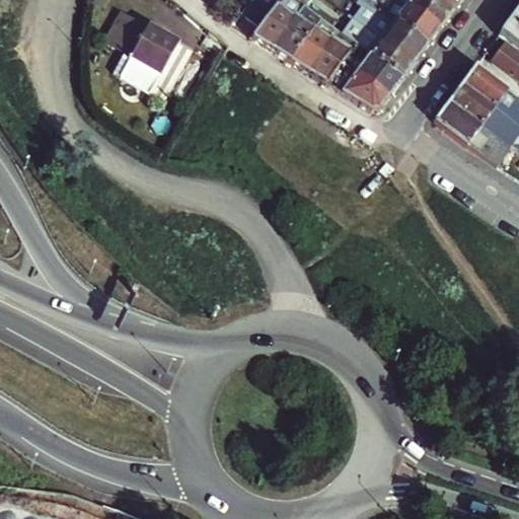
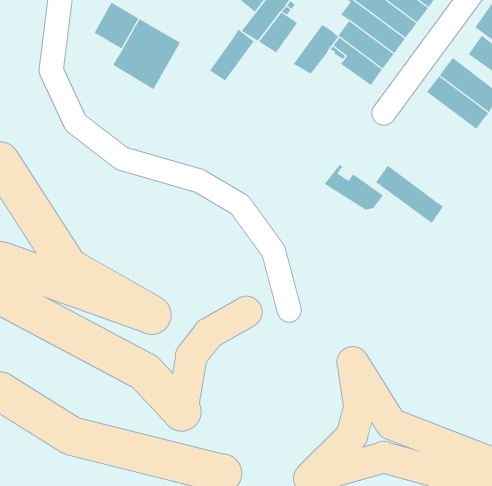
building: [292,12,340,67] -> [209,29,255,81]
building: [328,57,391,105] -> [324,164,384,210]
building: [436,96,508,158] -> [375,165,444,224]

